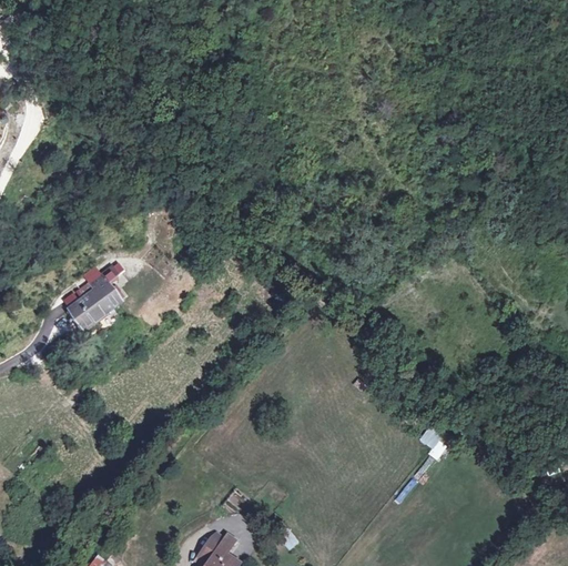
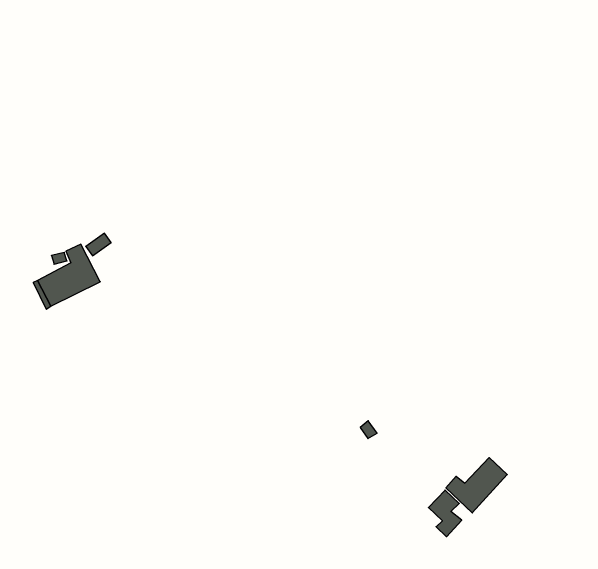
building: none -> [446,458,507,513]

